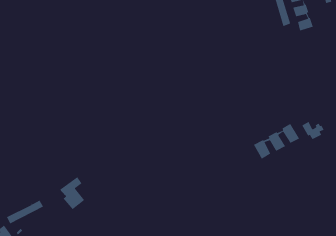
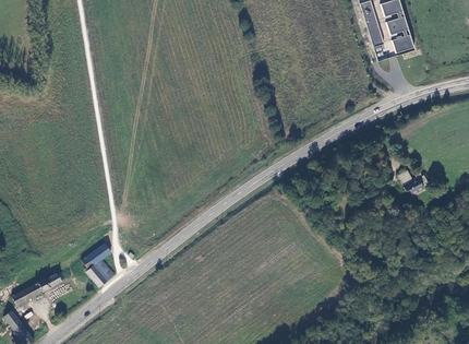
building: [253,123,300,160] -> none

